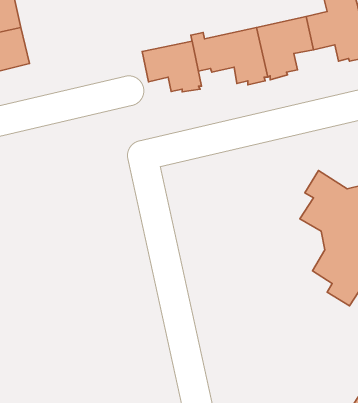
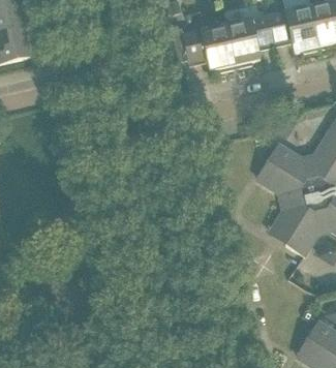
building: [142,41,201,92] -> none

